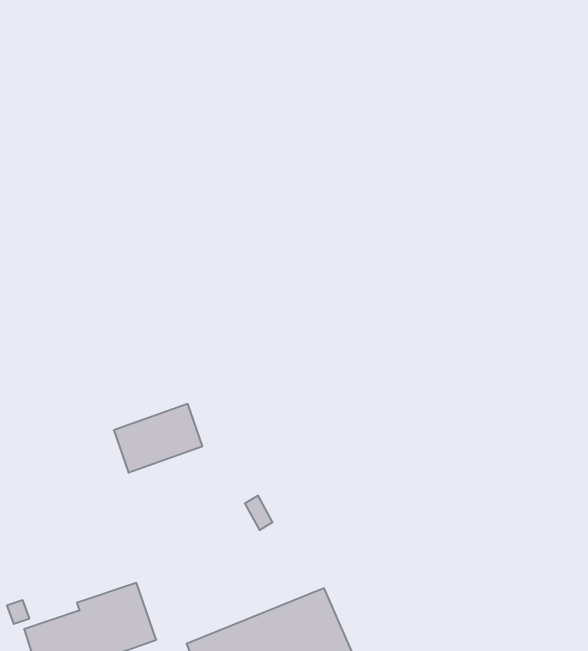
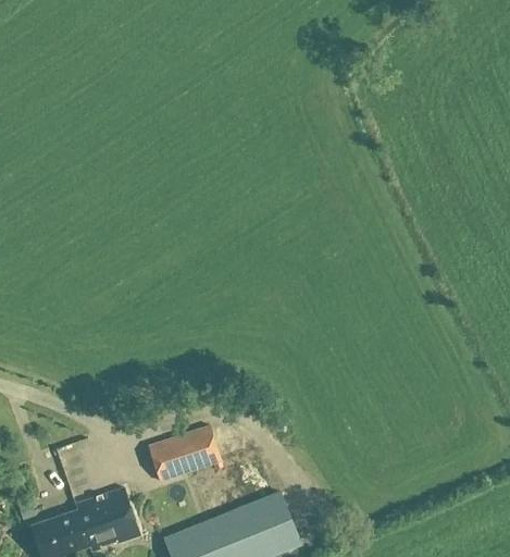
building: [114,404,202,473] -> [148,424,221,481]

